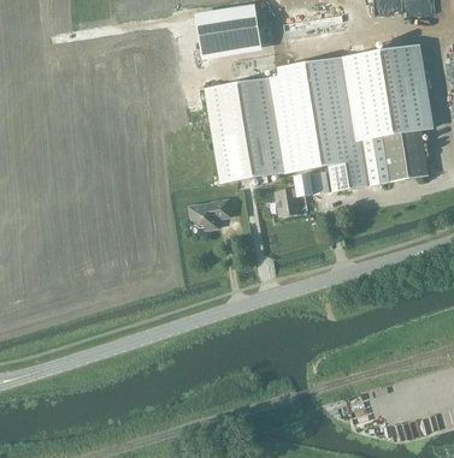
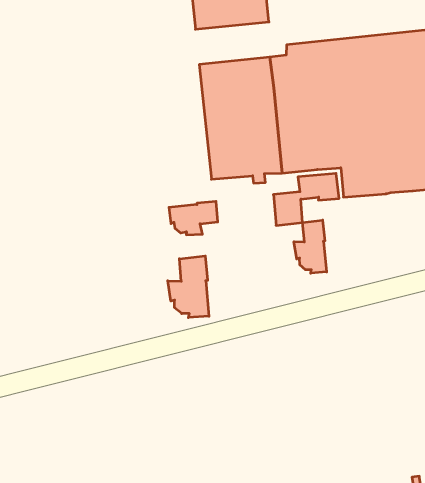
building: none -> [294,220,327,273]
building: none -> [168,256,209,318]

